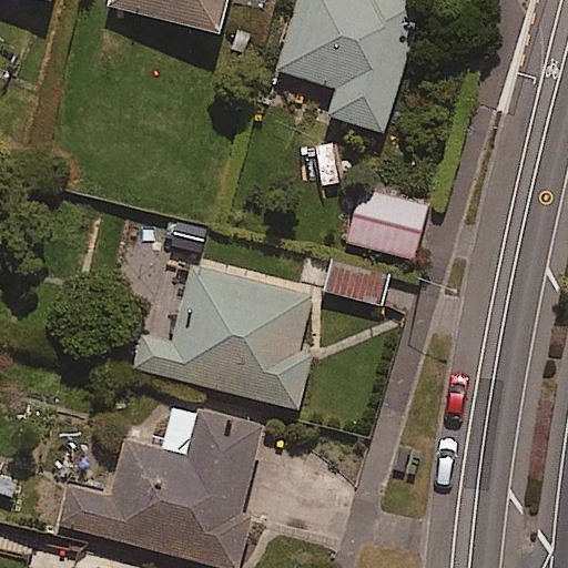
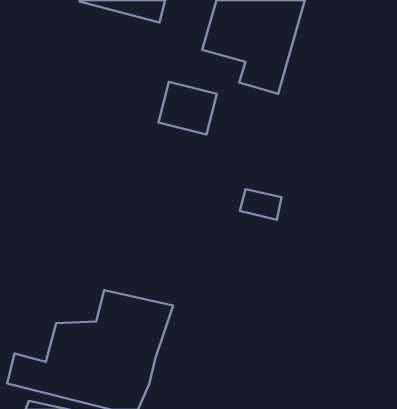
building: [342,183,423,256] -> [158,82,217,135]
building: [115,261,293,405] -> none

